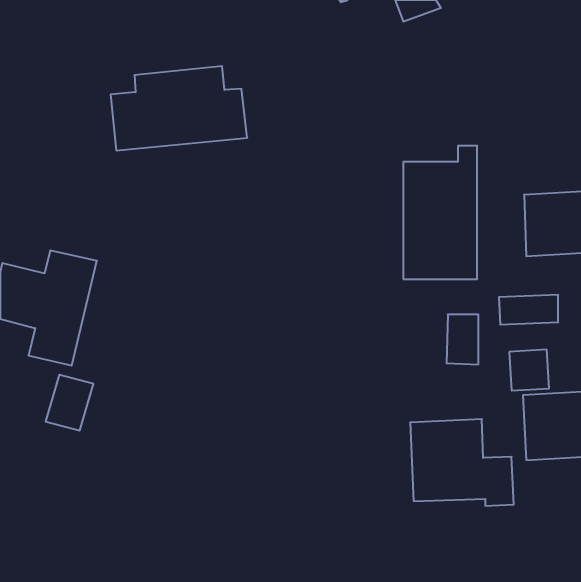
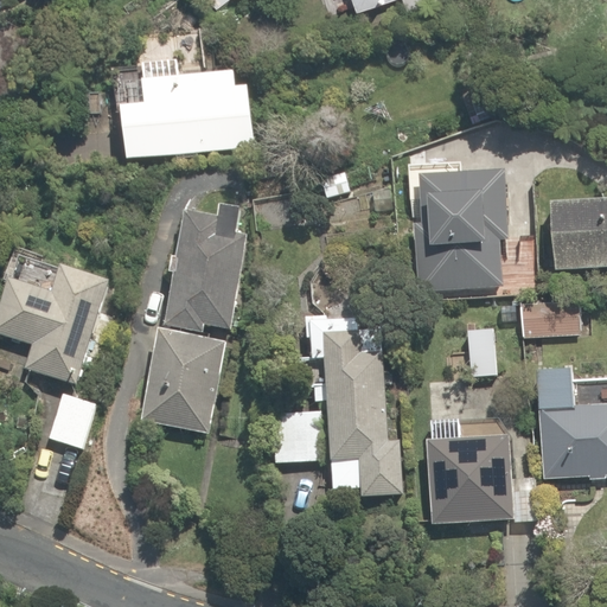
building: none -> [165,210,247,328]
building: none -> [271,300,408,493]
building: none -> [138,331,224,434]

